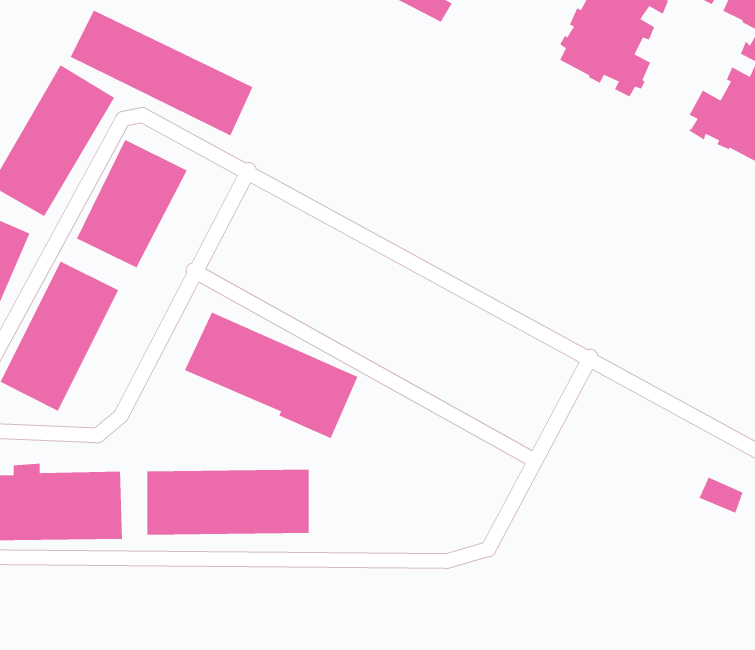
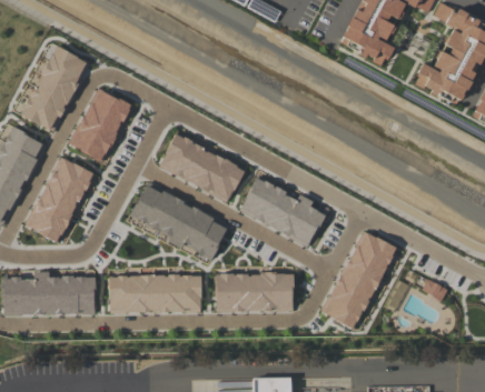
building: [70,10,253,136] -> none
building: none -> [158,137,244,199]
building: none -> [238,175,324,244]
building: none -> [323,230,394,329]
building: none -> [215,273,293,312]

